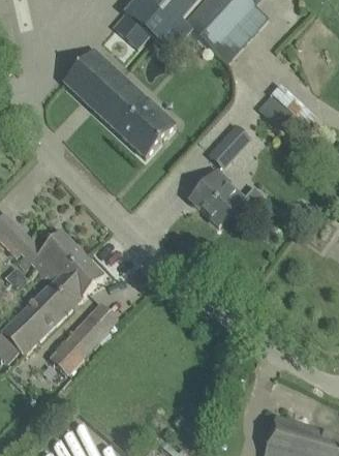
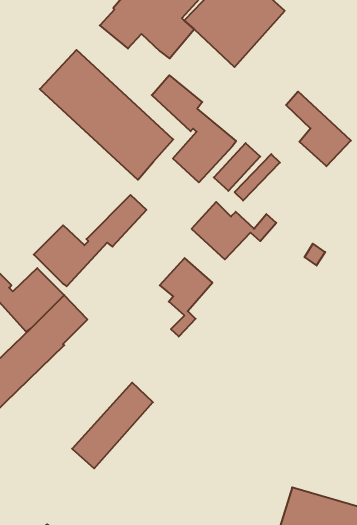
building: none -> [152,75,236,182]
building: none -> [34,195,146,286]
building: none -> [160,258,212,337]
building: [49,302,117,374] -> [72,383,153,468]

